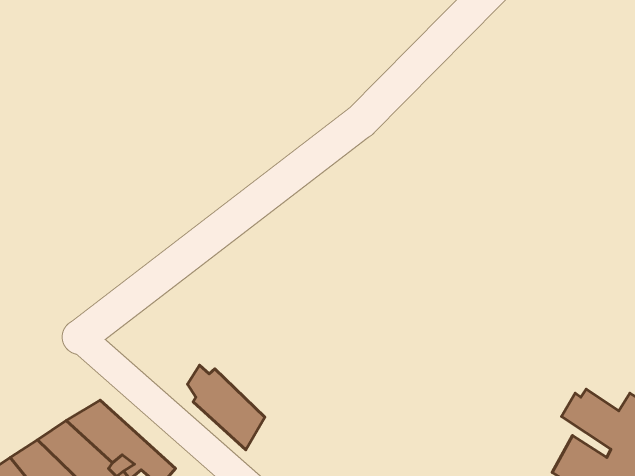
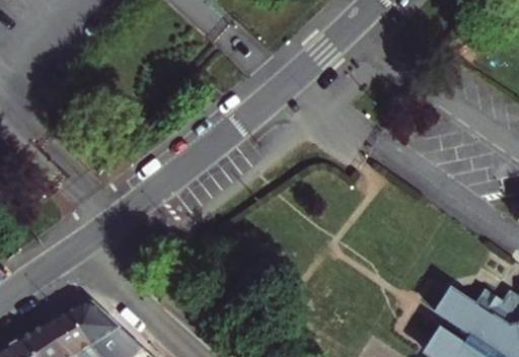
building: [187,365,265,450] -> none

